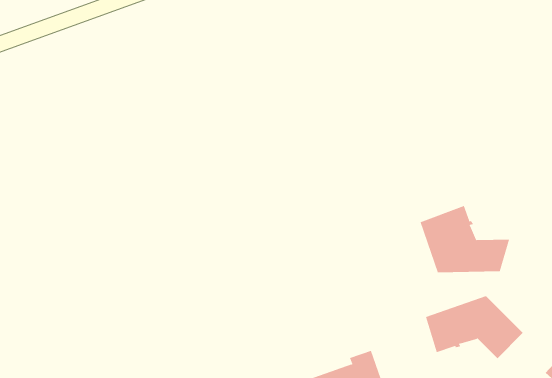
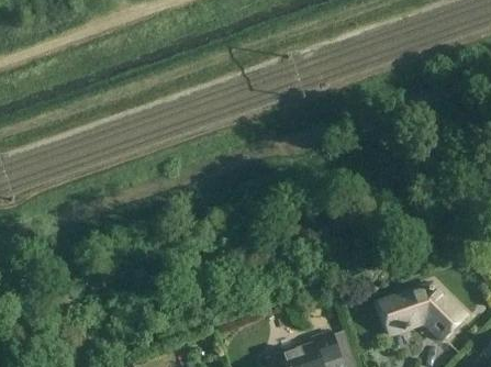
building: [420,205,510,273] -> none

